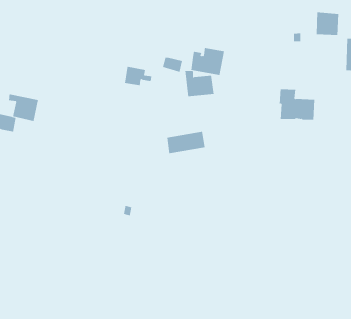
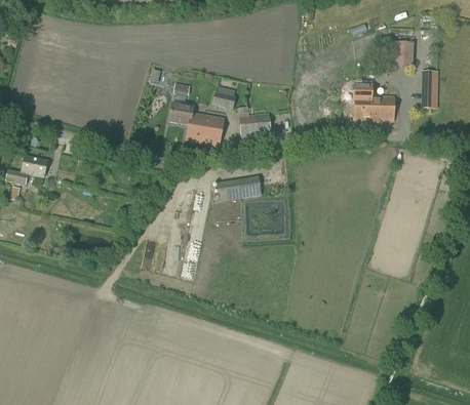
building: [190,47,225,75] -> [186,113,225,145]
building: [279,89,315,120] -> [353,83,394,119]
building: [9,93,39,122] -> none

